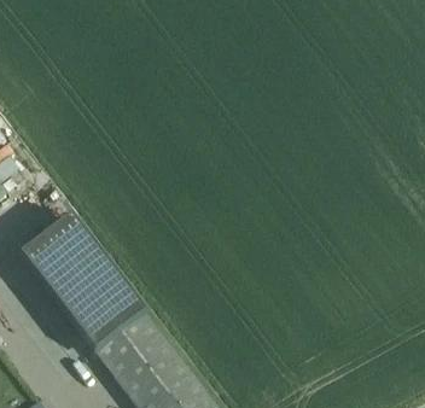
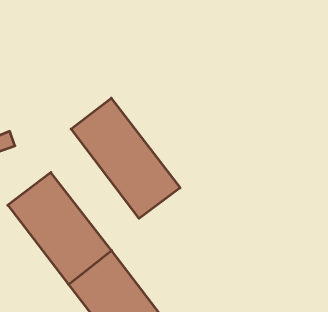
building: none -> [71,98,180,218]

